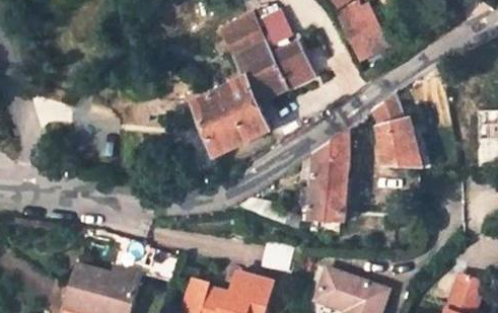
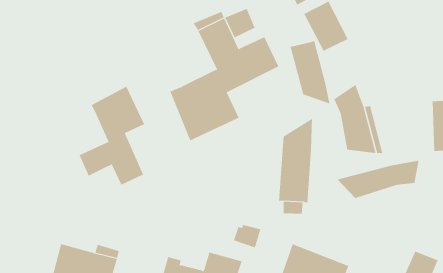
building: none -> [290,40,330,104]
building: none -> [79,86,145,186]
building: none -> [337,160,419,199]

